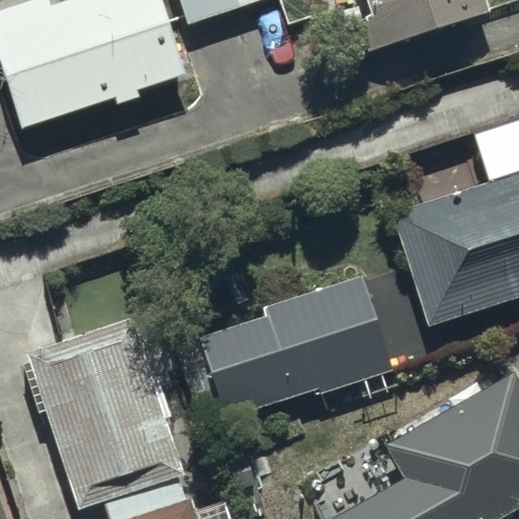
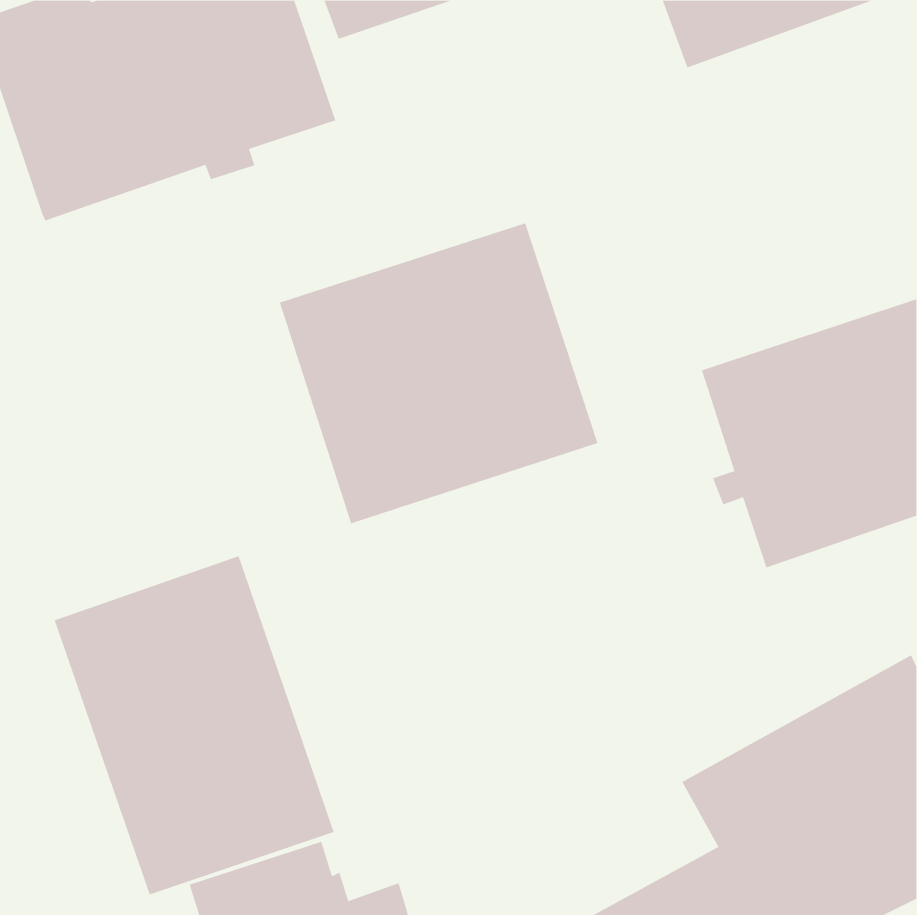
building: none -> [279,222,598,524]
building: [201,277,390,423] -> none

